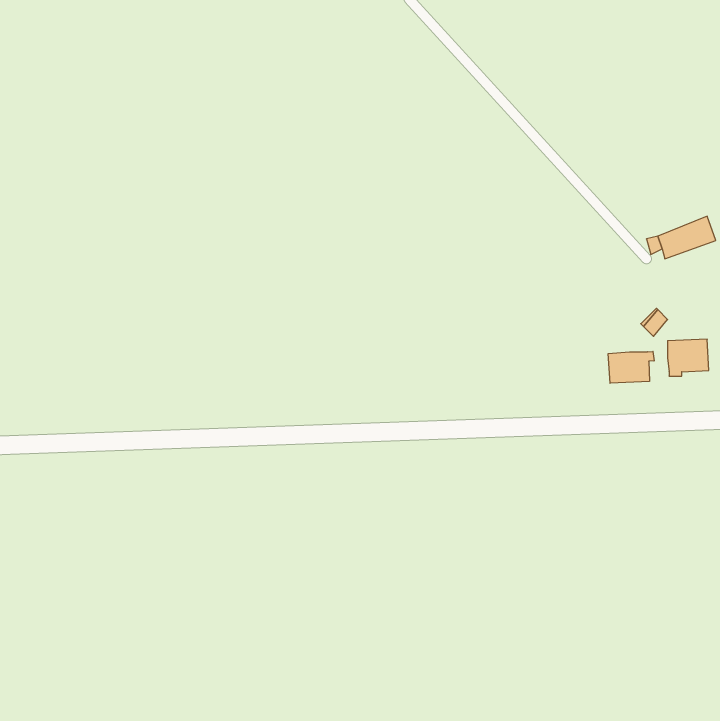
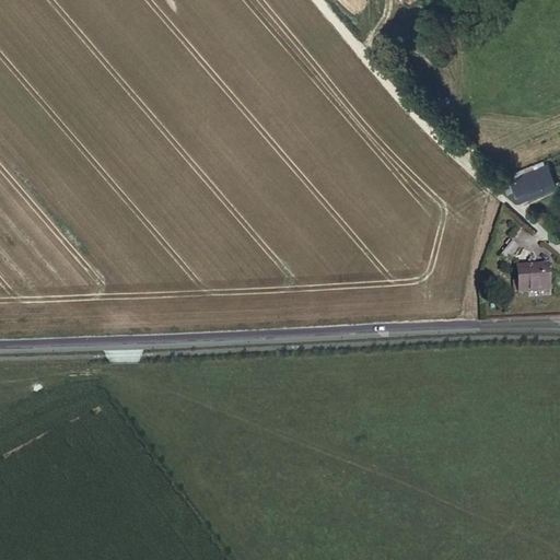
building: [608,351,654,383] -> none

